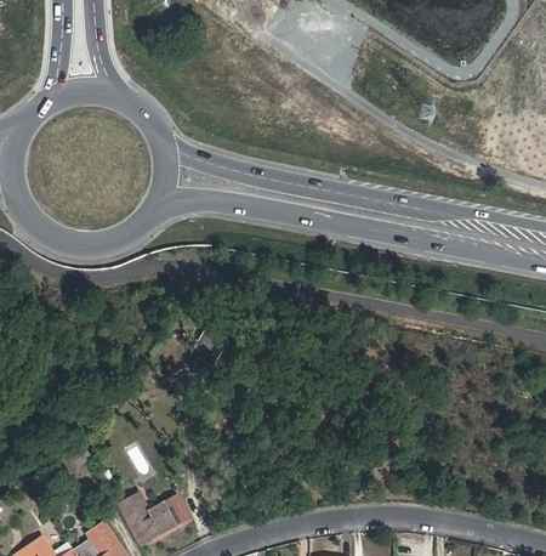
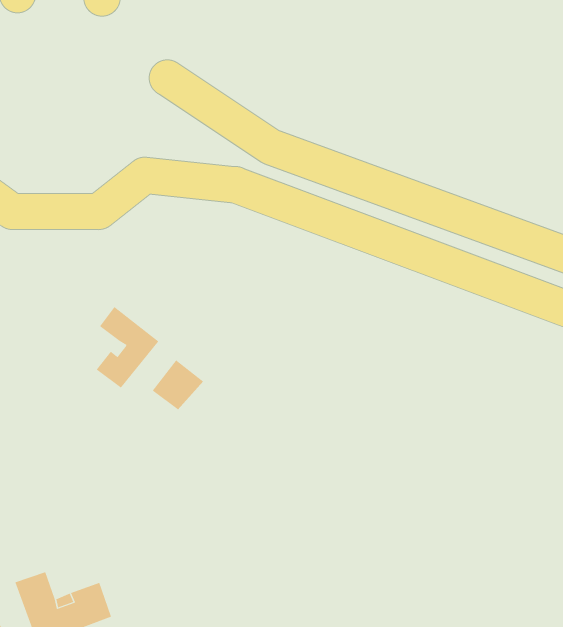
building: none -> [96,306,159,389]

